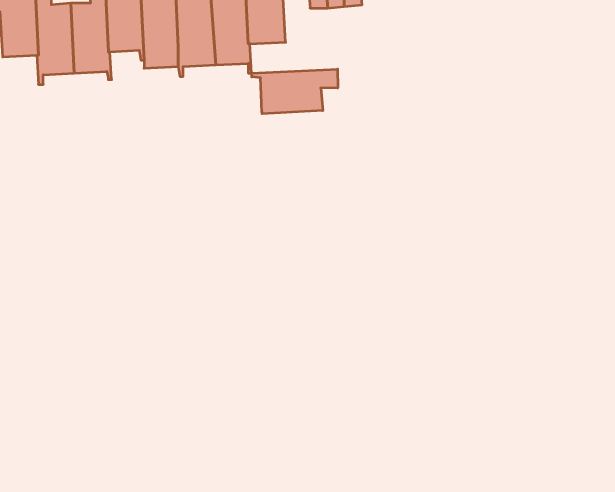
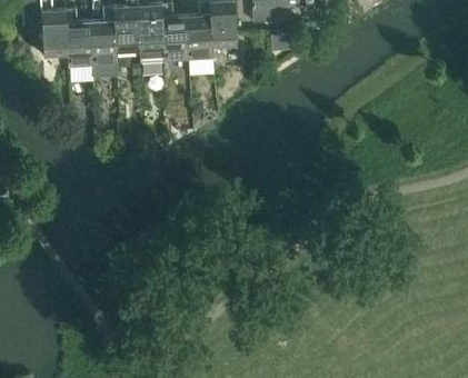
building: [251,69,338,114] -> none

